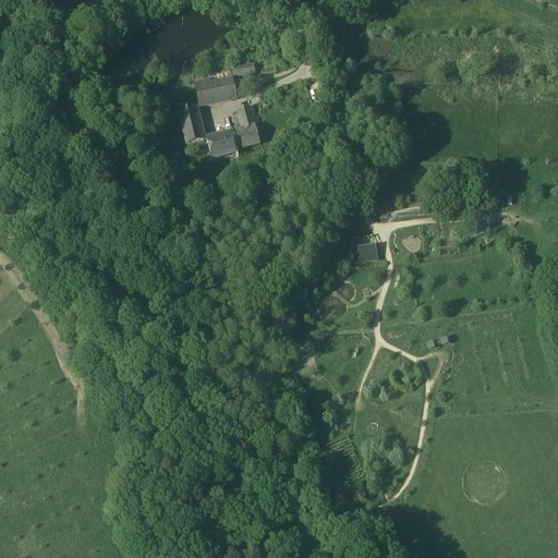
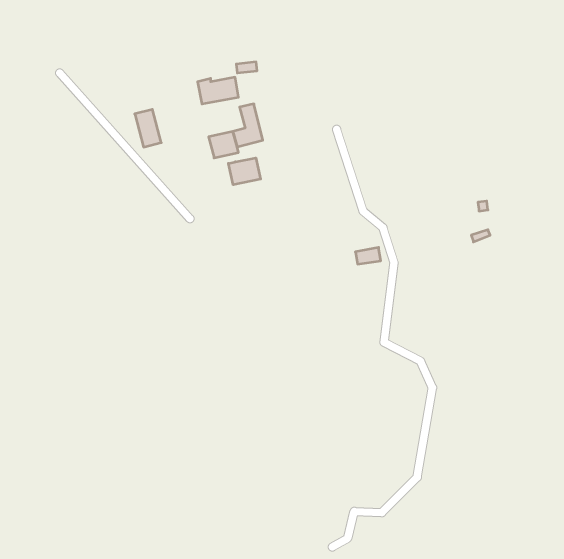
building: [178,104,204,141] -> [135,109,161,147]
building: none -> [228,158,261,185]

